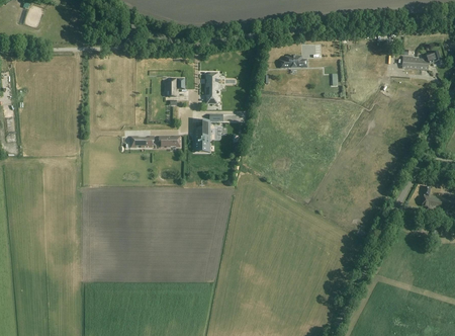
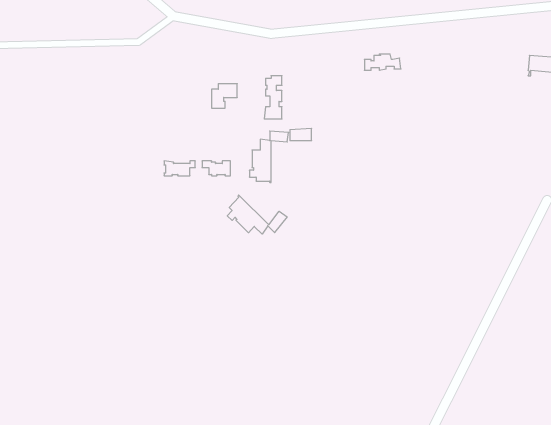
building: none -> [227,195,287,234]

